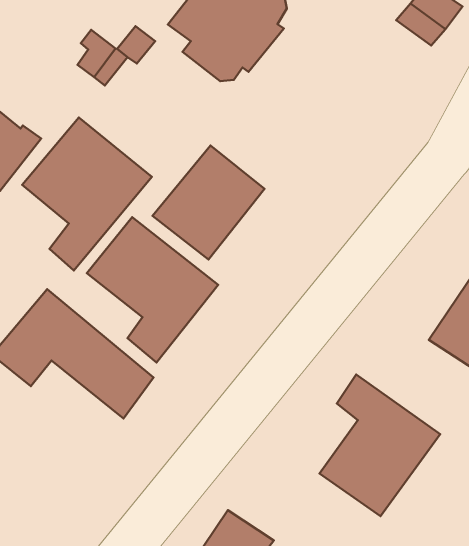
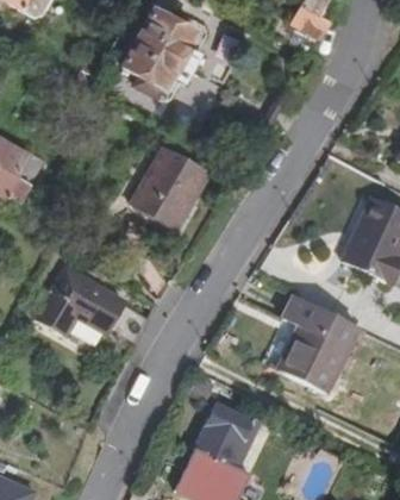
building: [22,118,152,270] -> none
building: [87,217,218,362] -> none

